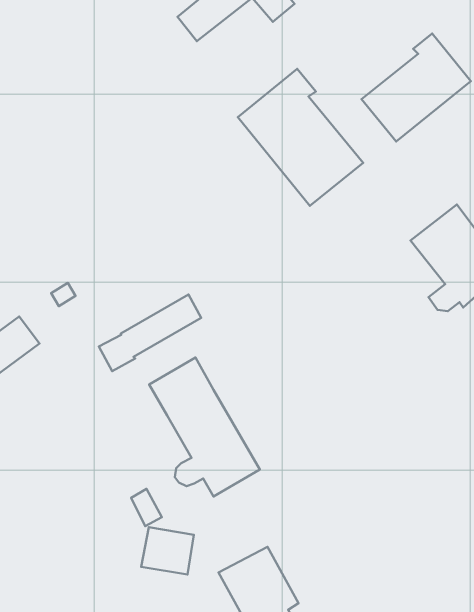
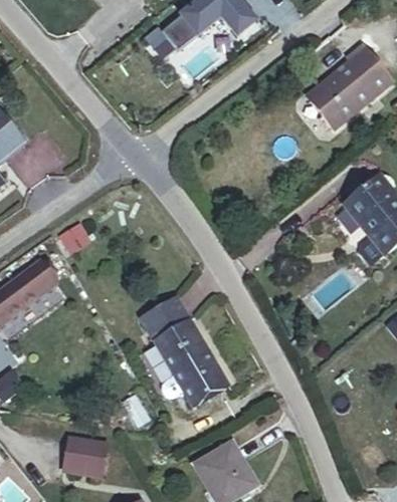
building: [238,69,363,206] -> none
building: [99,294,201,371] -> none
building: [141,527,194,575] -> [64,436,106,473]

